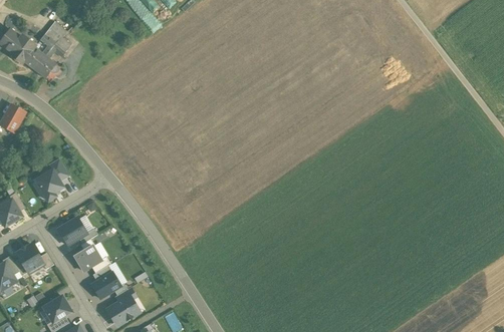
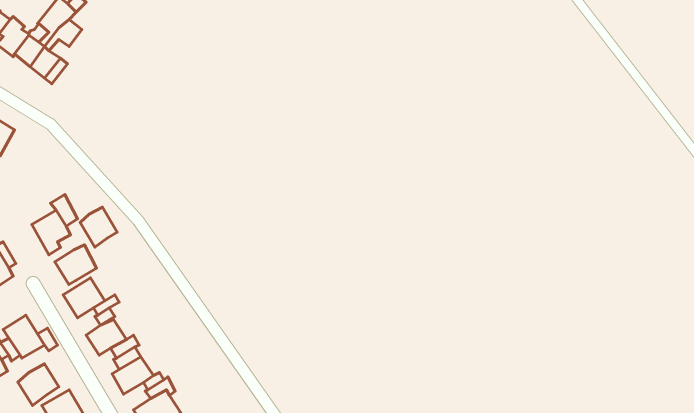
building: none -> [80,207,117,247]
building: none -> [55,245,97,284]
building: none -> [18,364,59,405]

